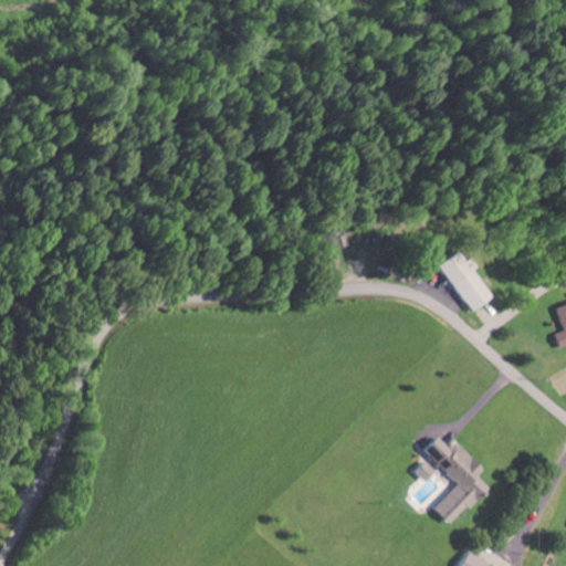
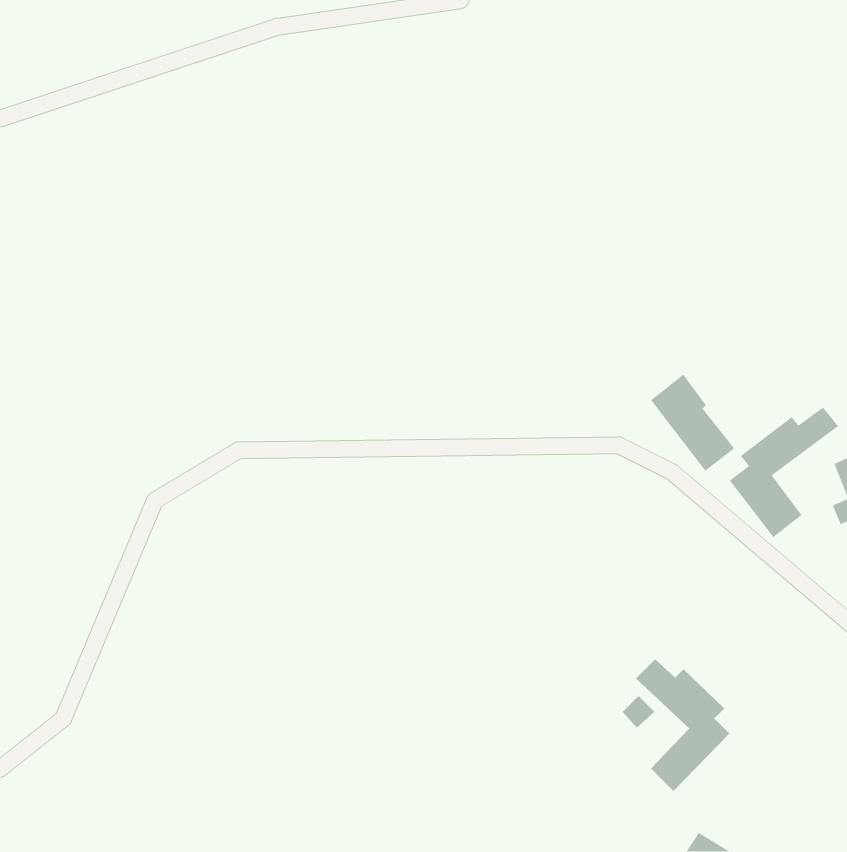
building: none -> [729,406,839,538]

